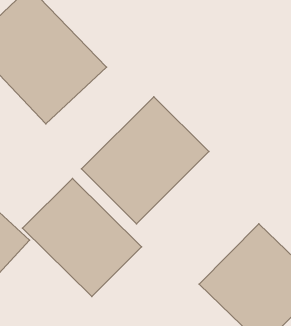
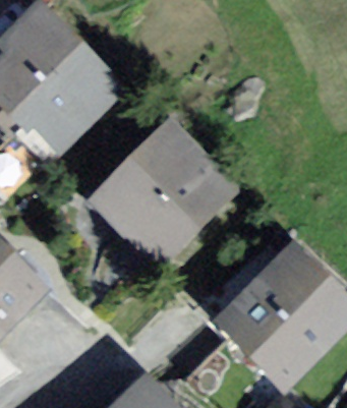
building: [23,179,141,296] -> none

